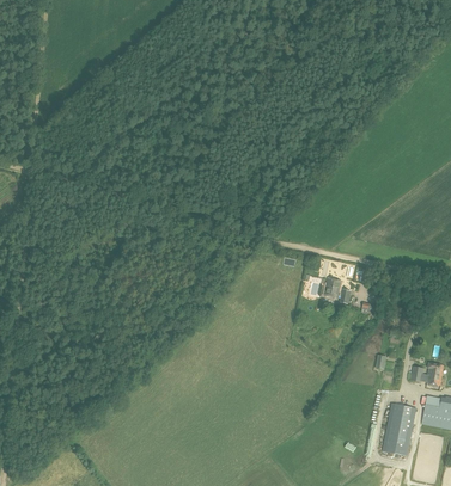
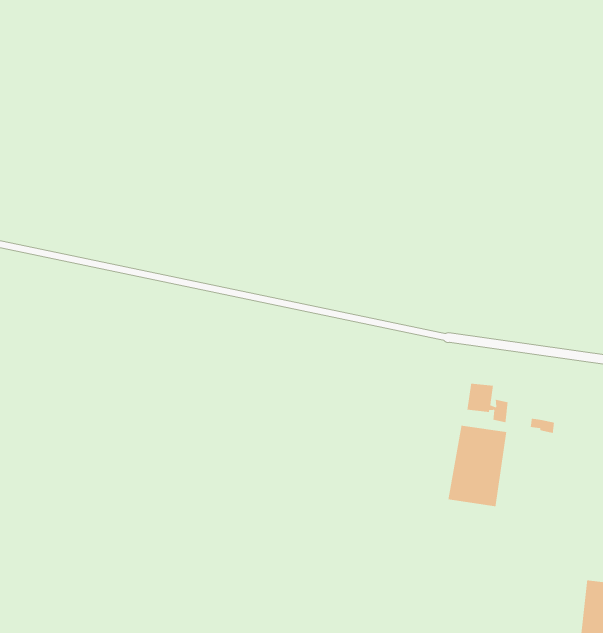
building: none -> [448,425,507,507]

